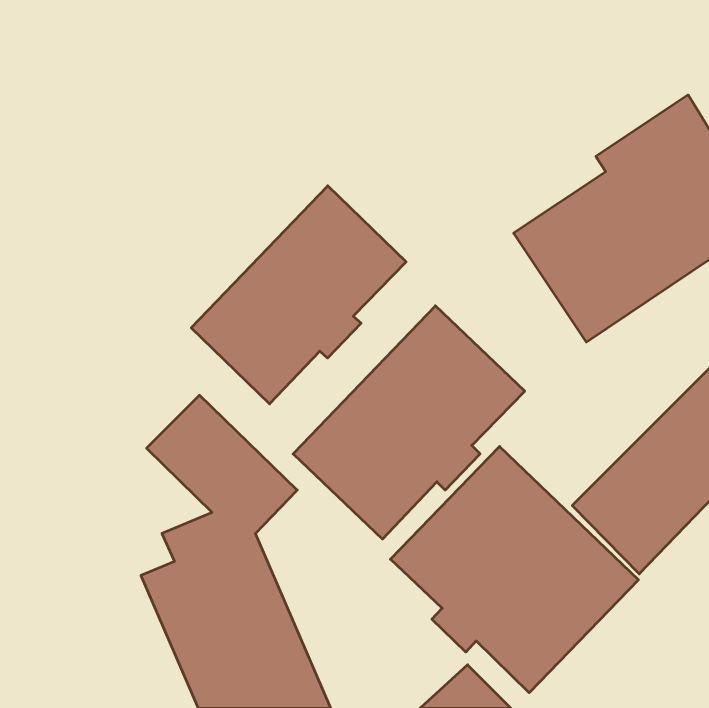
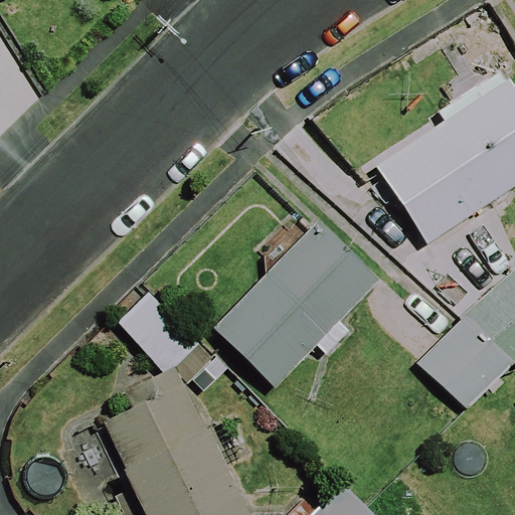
building: [191,186,406,404] -> none
building: [390,446,638,693] -> none

